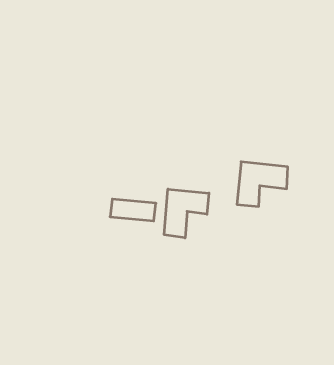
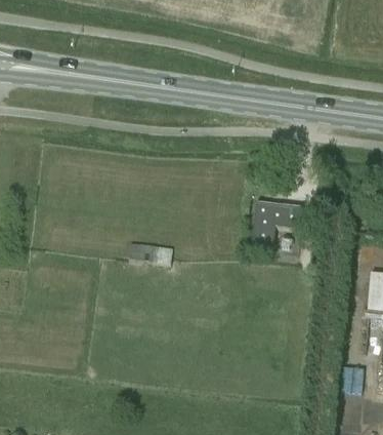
building: [164,189,209,238] -> none

